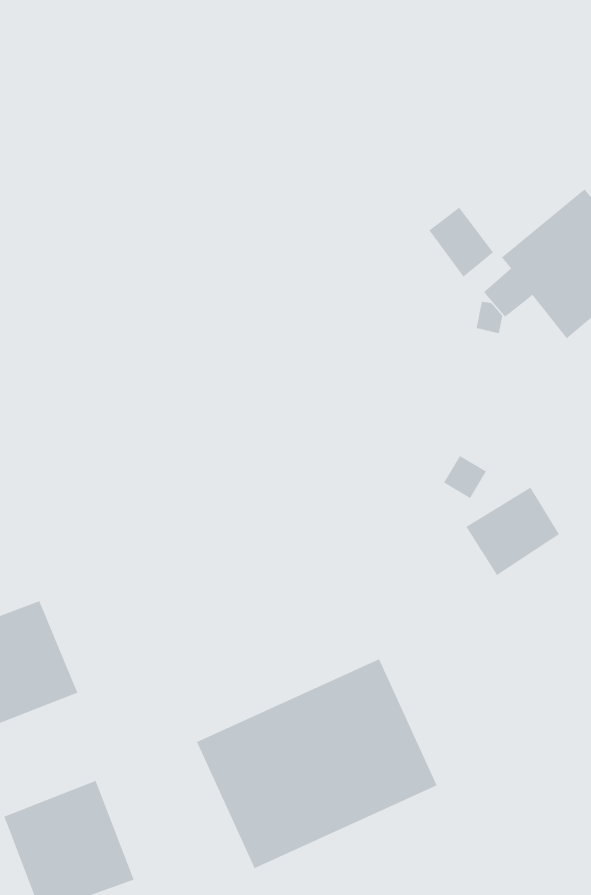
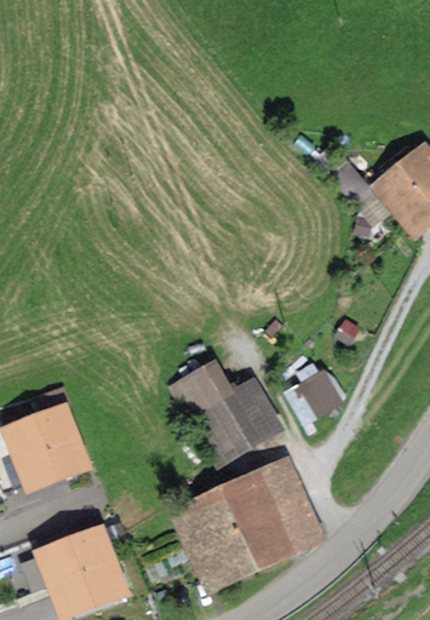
building: [465,487,560,576] -> [280,364,343,424]
building: none -> [166,352,285,465]

